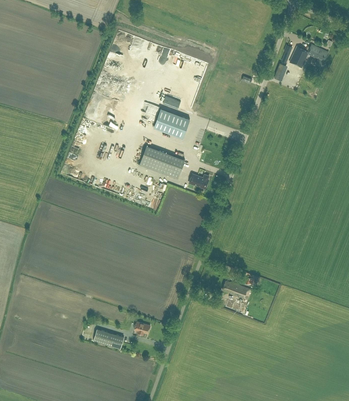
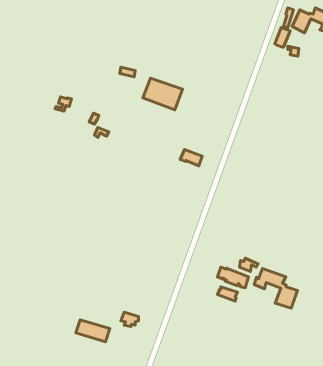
building: [139,145,184,178] -> none
building: none -> [254,269,297,308]

